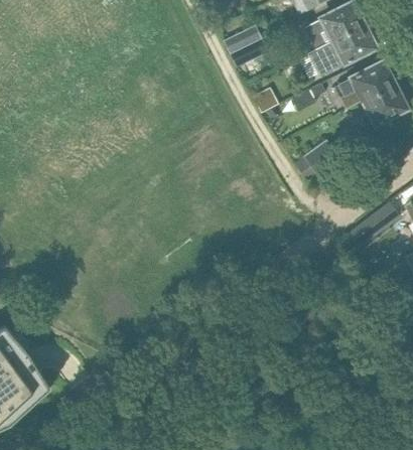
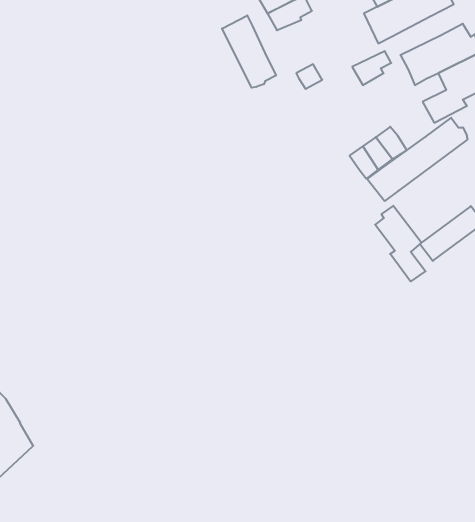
building: none -> [222,15,276,88]
building: none -> [367,118,467,201]
building: none -> [375,206,426,281]

